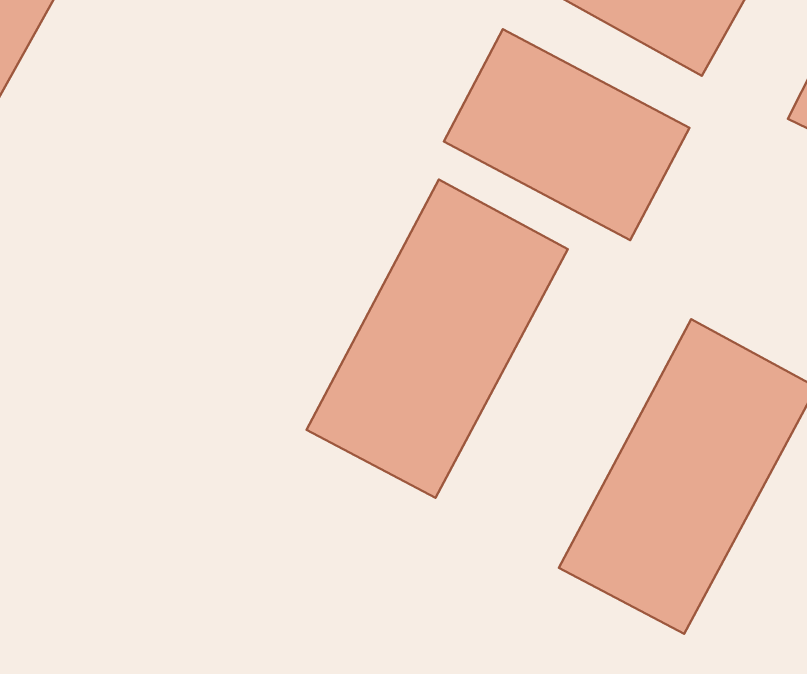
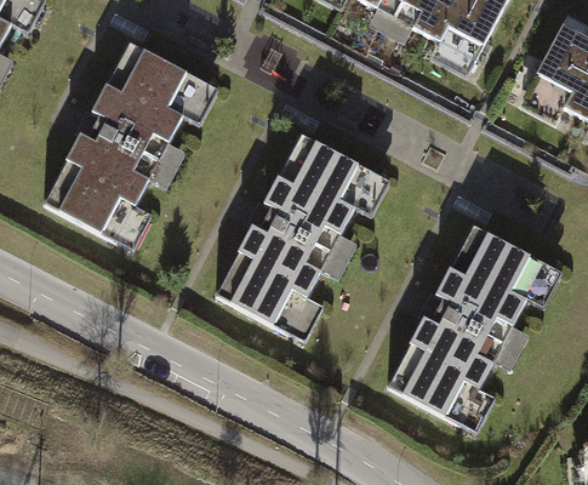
building: [444,29,689,240] -> none
building: none -> [42,38,216,253]

